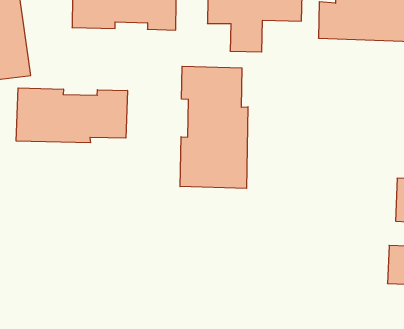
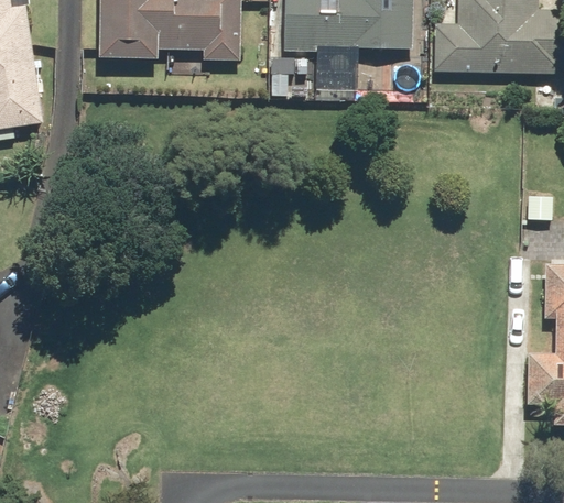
building: [180,66,248,188] -> none
building: [16,88,127,143] -> none

